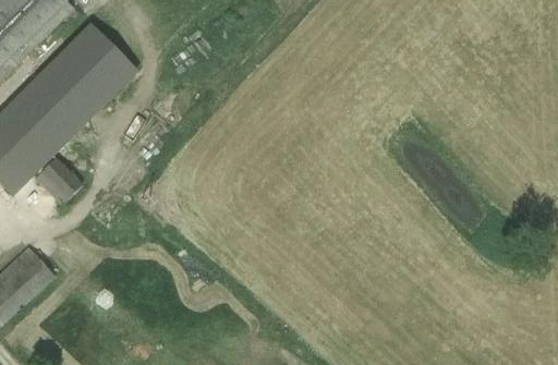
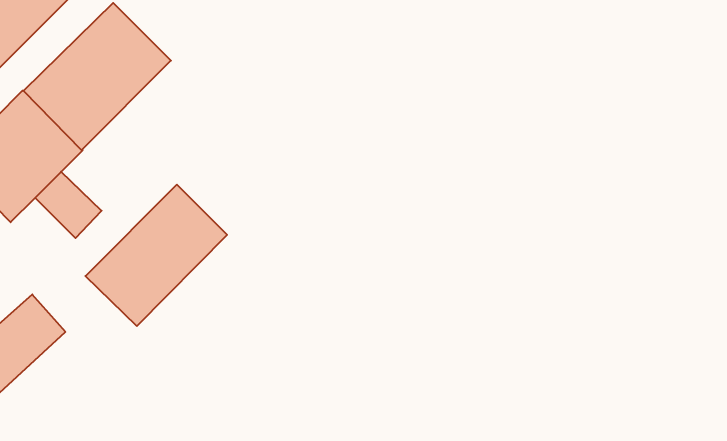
building: none -> [85,185,227,326]

